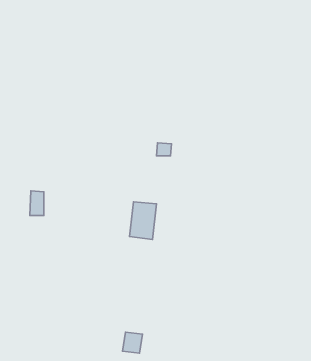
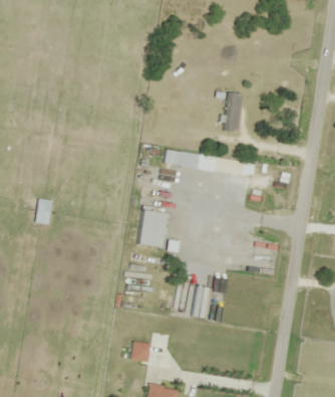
building: none -> [225,92,242,133]

